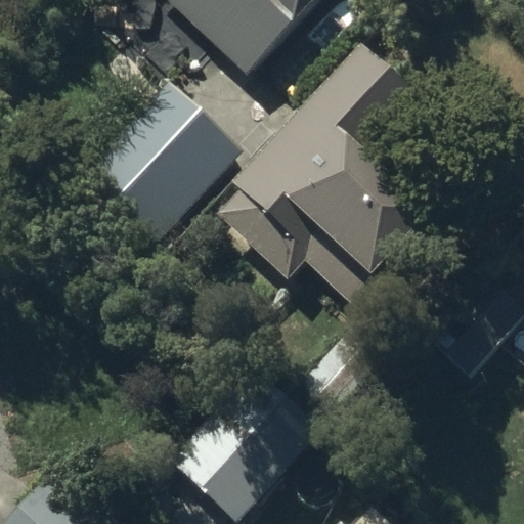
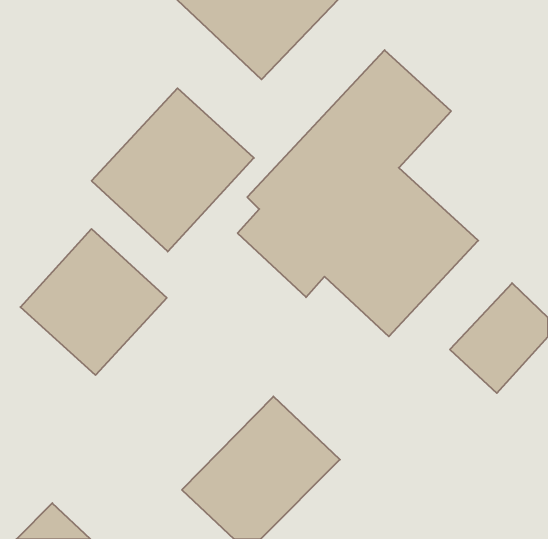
building: none -> [20,229,167,375]

